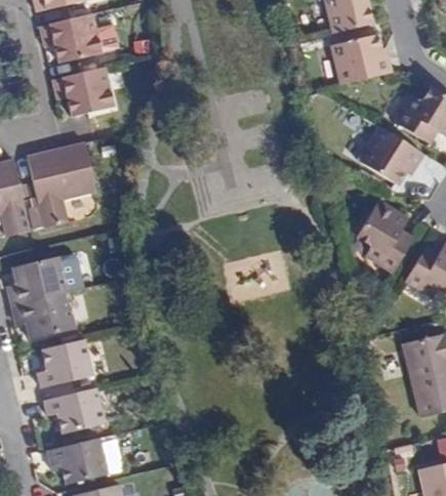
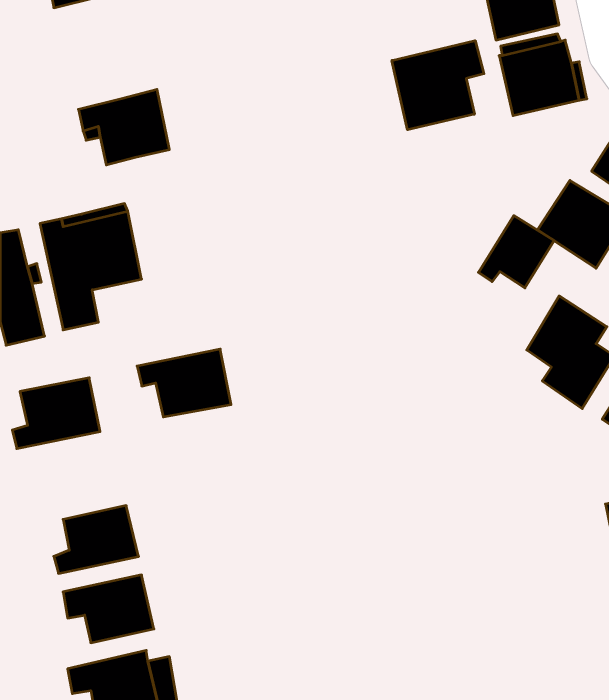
building: [40,12,102,63] -> none
building: none -> [392,41,484,130]
building: none -> [478,216,554,288]
building: [12,293,75,338] -> [137,349,231,417]

